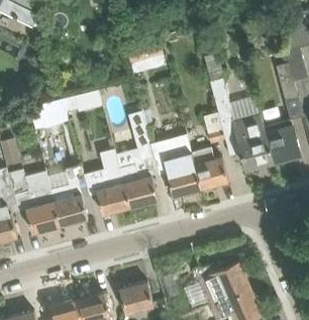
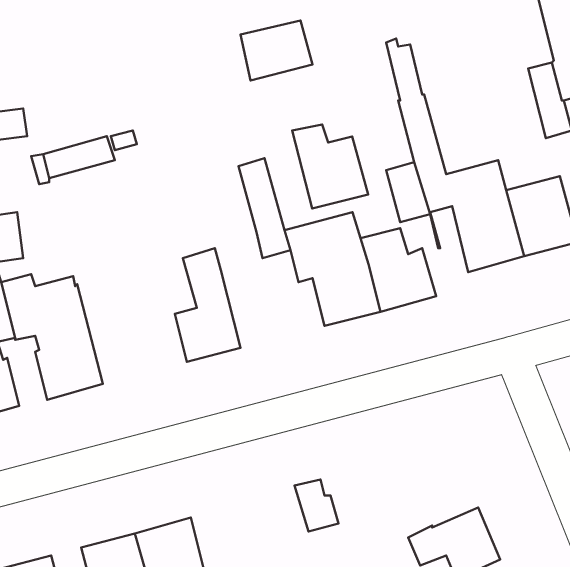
building: [46,151,98,226] -> none
building: [119,166,158,208] -> [292,125,368,208]
building: [194,262,249,306] -> none
building: [118,283,153,314] -> none

